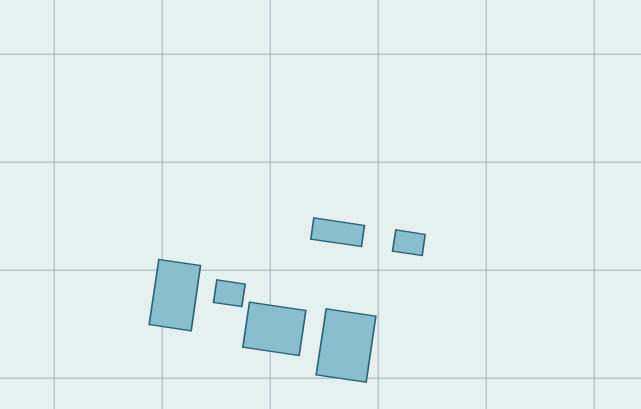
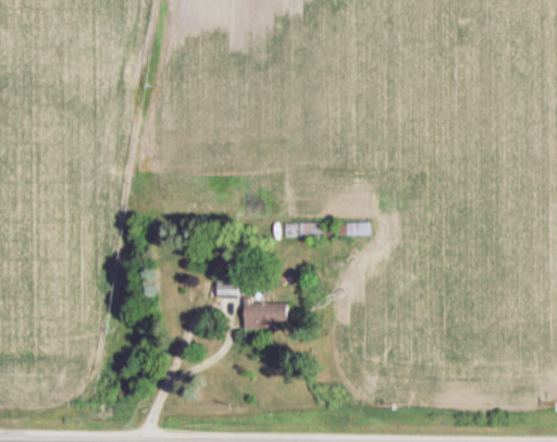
building: [149,259,201,331] -> none
building: [316,309,376,382] -> none

